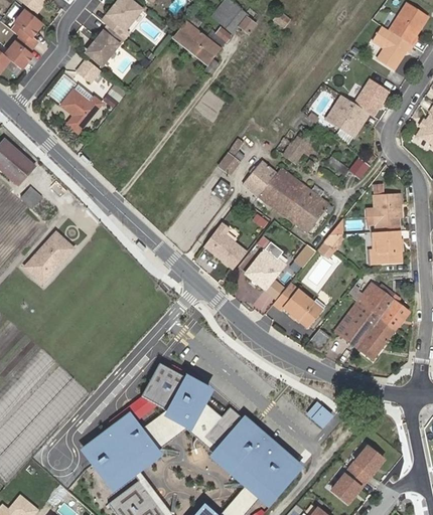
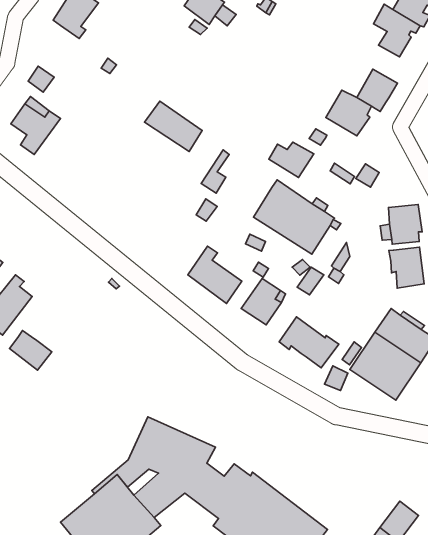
building: [171,21,220,65] -> [144,101,202,152]
building: [87,26,122,64] -> none
building: [243,161,277,198] -> none
building: none -> [9,330,52,370]

